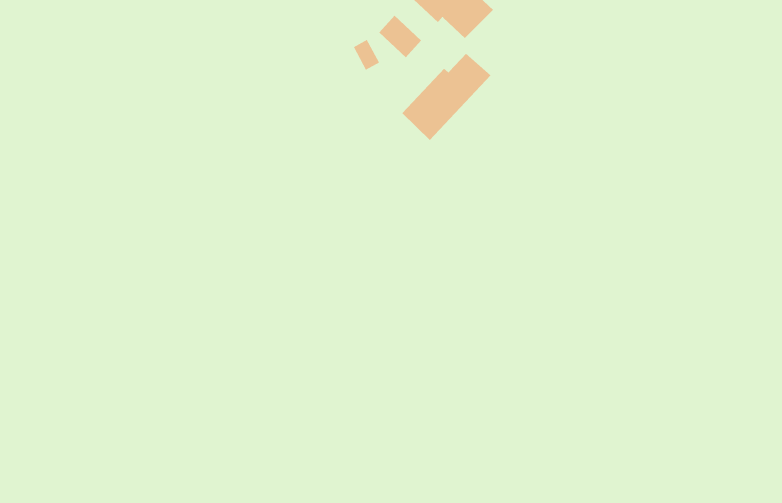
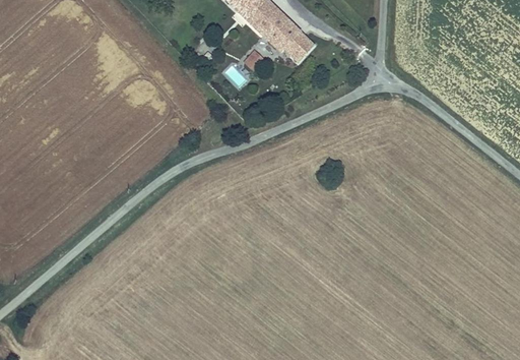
building: [402,53,491,141] -> none

